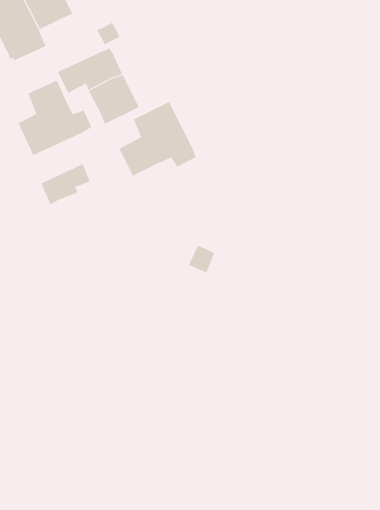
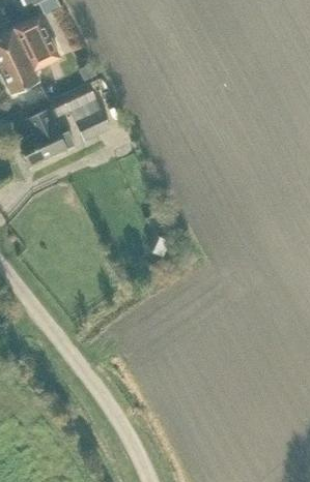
building: [119,101,196,176] -> none
building: [41,164,91,206] -> none

